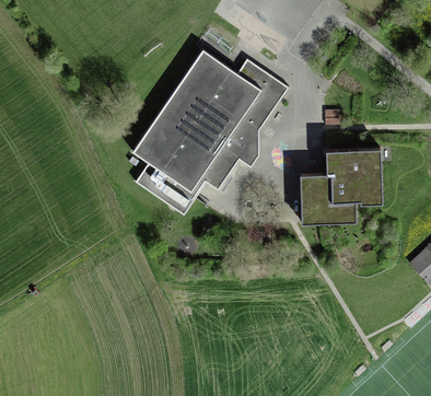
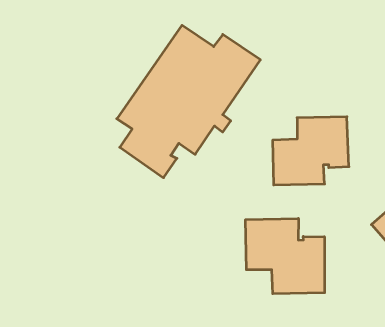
building: none -> [246,218,325,294]

